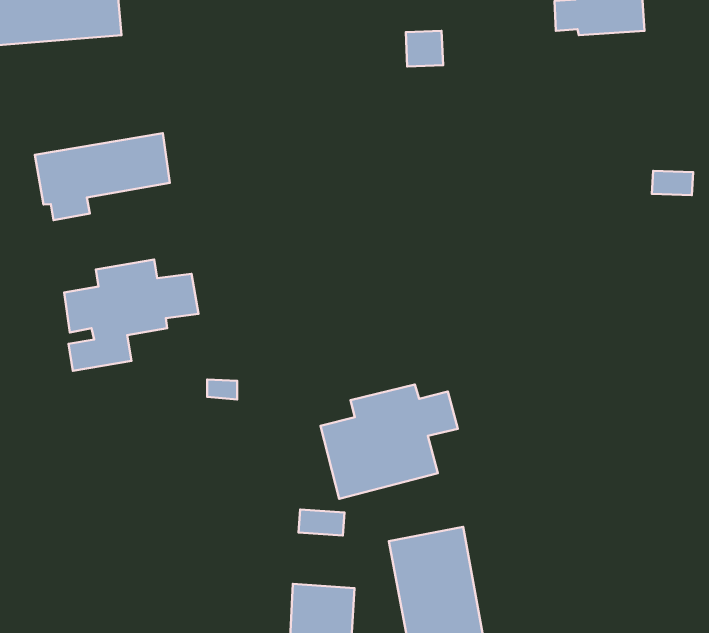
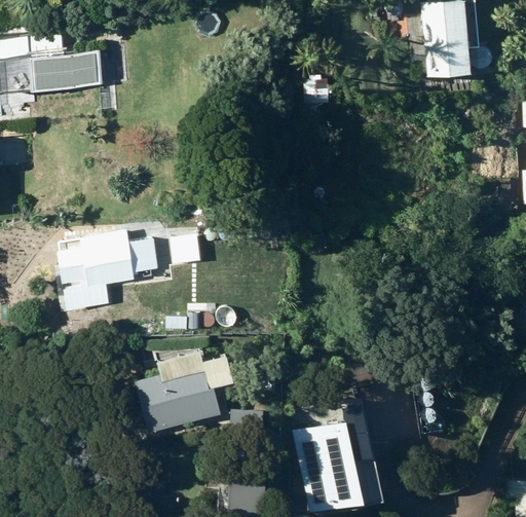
building: [35,133,170,220] -> none
building: [320,384,458,499] -> [135,357,233,439]

